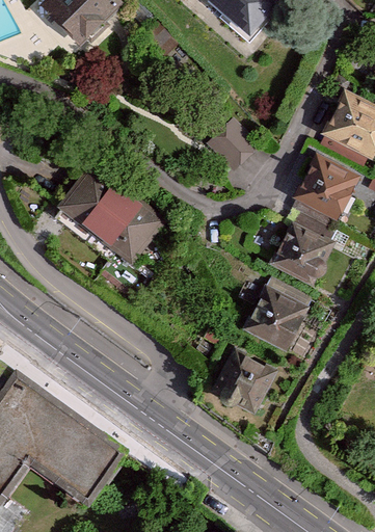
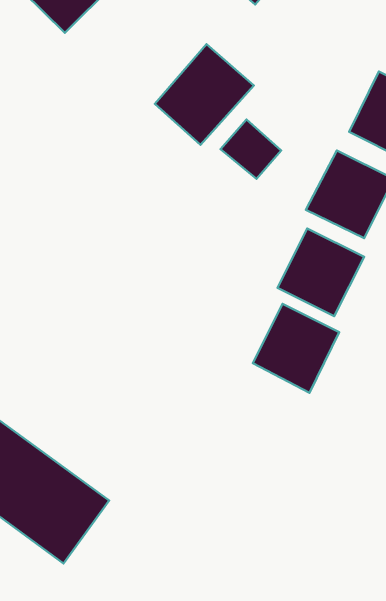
building: none -> [155,44,254,145]
building: [66,170,170,266] -> none
building: [206,348,278,423] -> none

